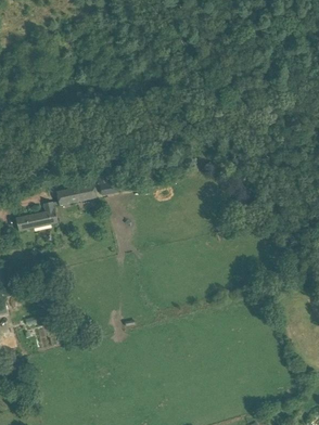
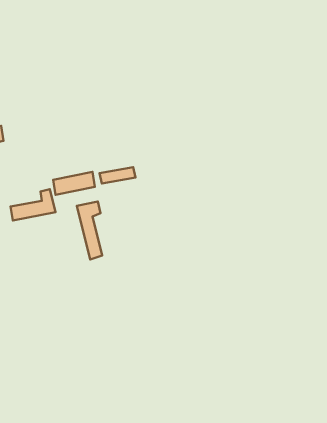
building: none -> [77,201,102,259]

